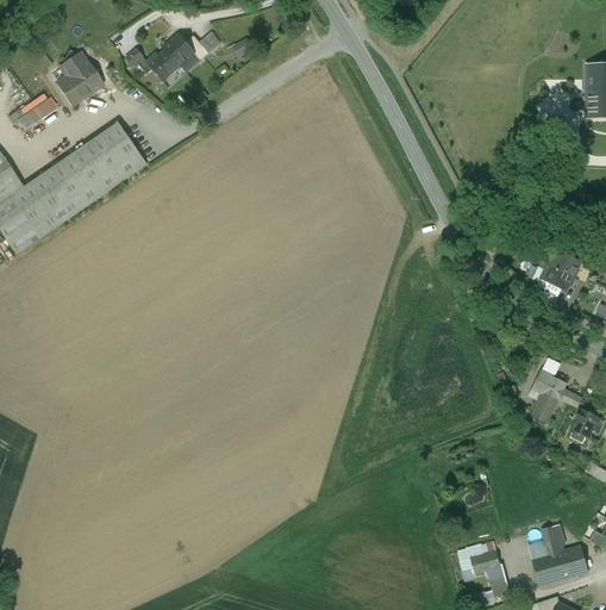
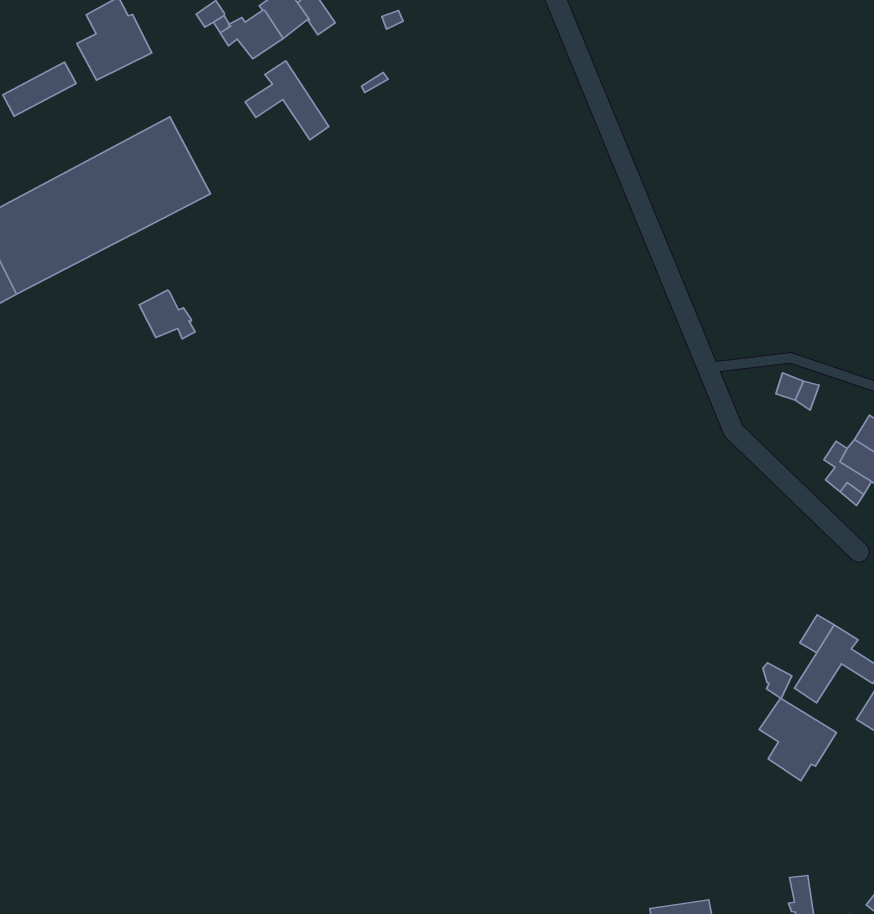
building: none -> [245,61,329,140]
building: none -> [139,290,195,339]
building: none -> [759,698,837,781]

